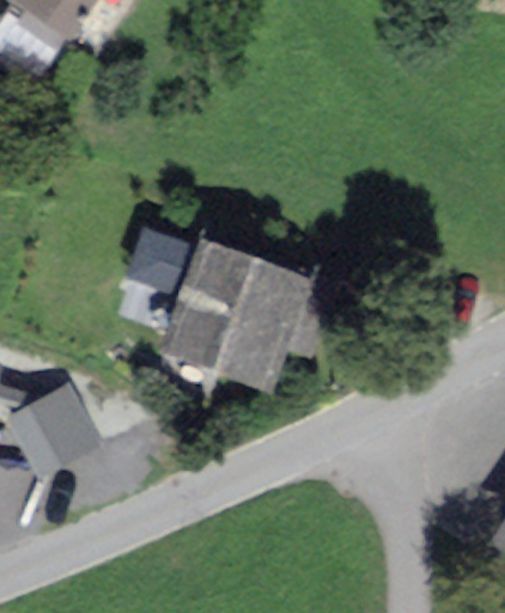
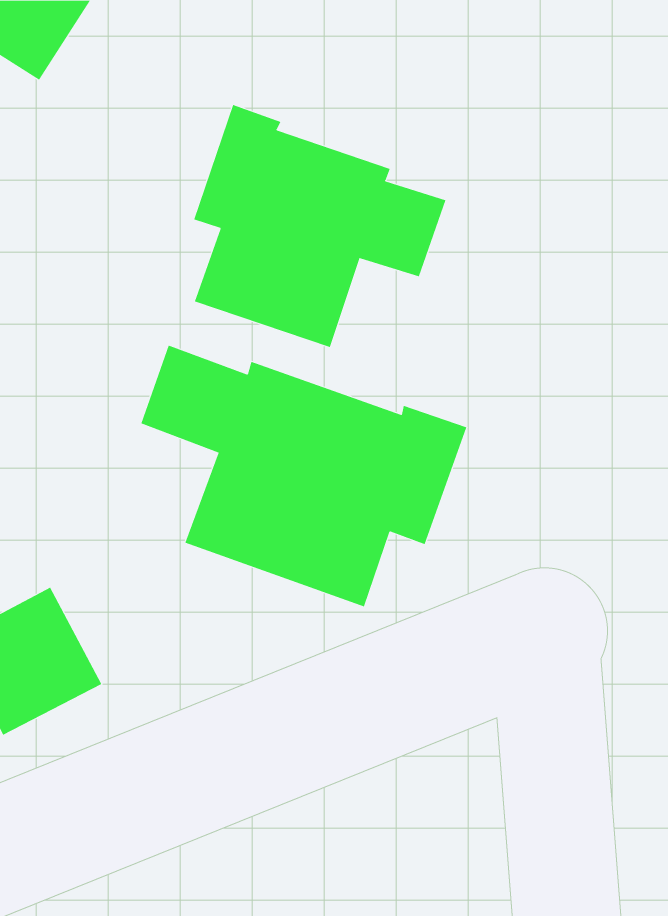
building: none -> [194,104,446,348]

